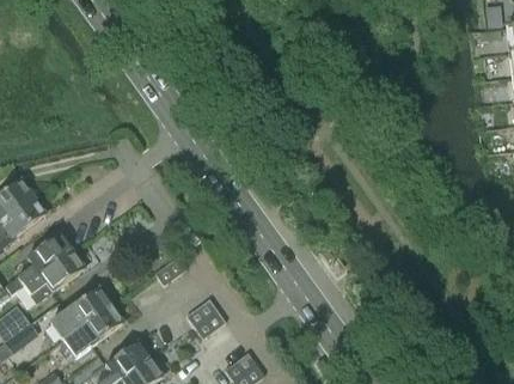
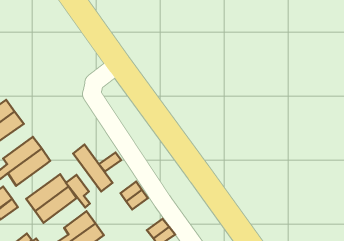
building: none -> [73,145,113,192]
building: none -> [66,175,90,207]

